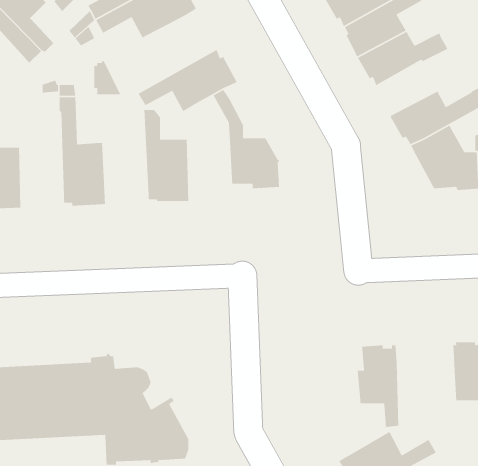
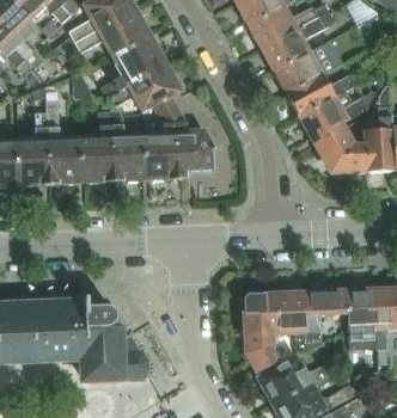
building: none -> [100,38,169,99]
building: none -> [287,74,355,116]
building: none -> [145,100,188,182]
building: none -> [80,111,115,184]
building: none -> [17,113,50,186]
building: none -> [304,289,348,354]
building: none -> [242,293,280,374]

